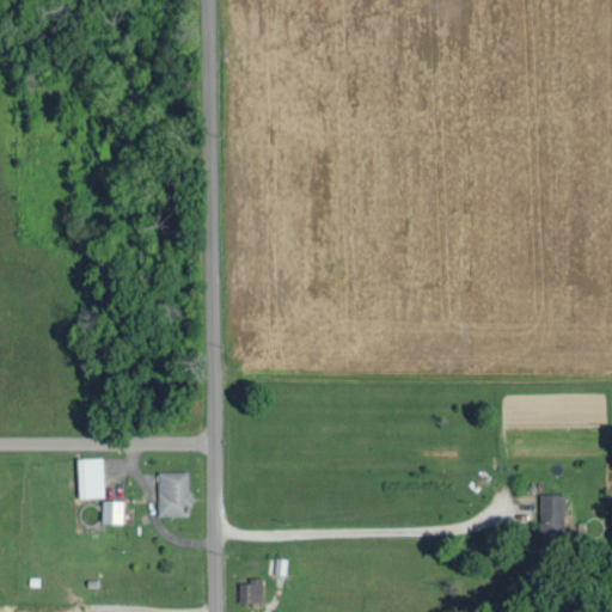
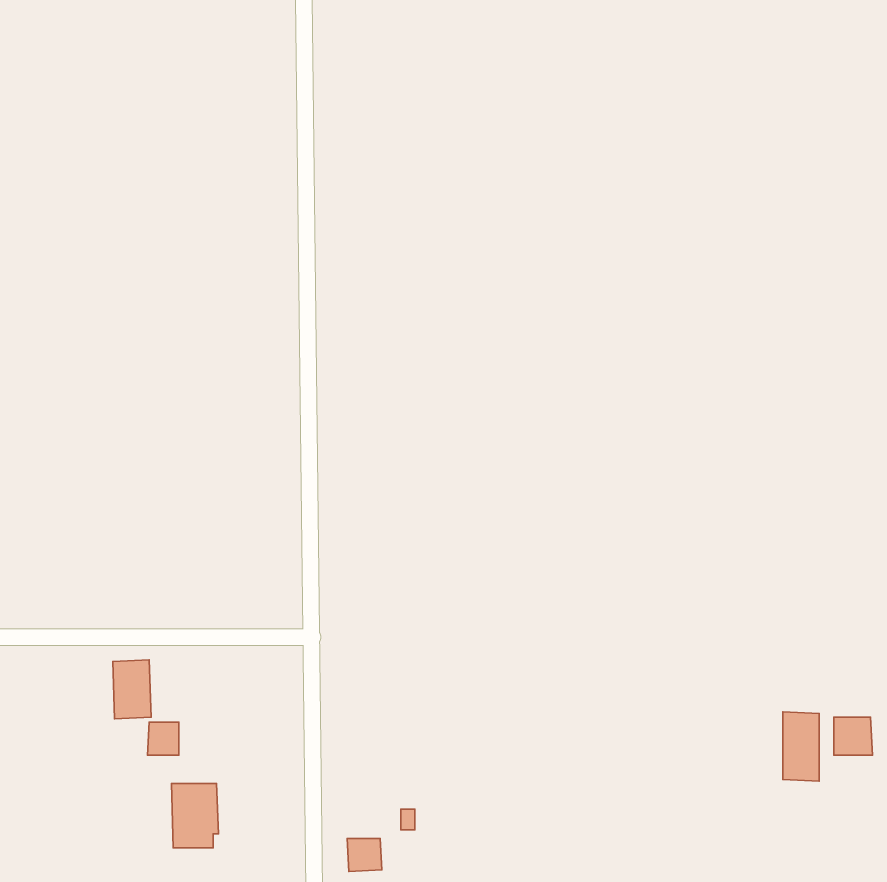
building: [158,472,190,516] -> [171,783,218,848]
building: none -> [834,717,872,755]

